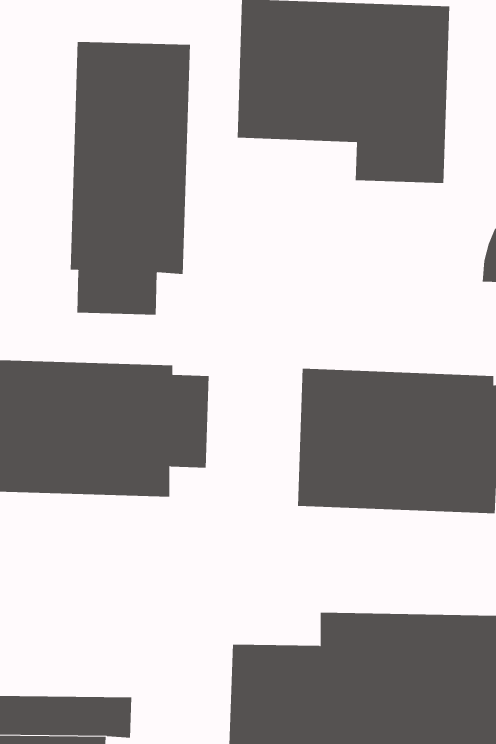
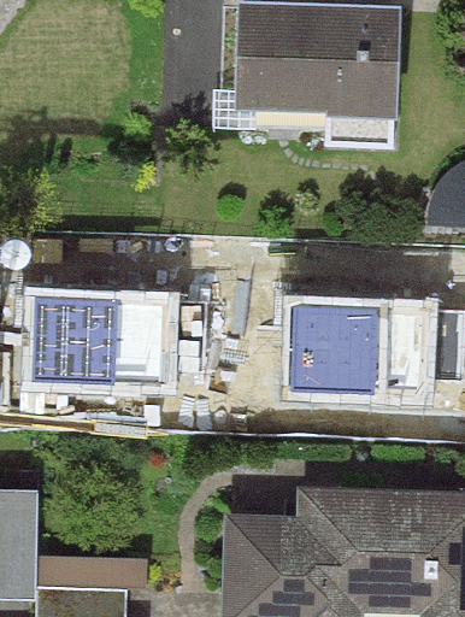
building: [70,41,190,315] -> none

